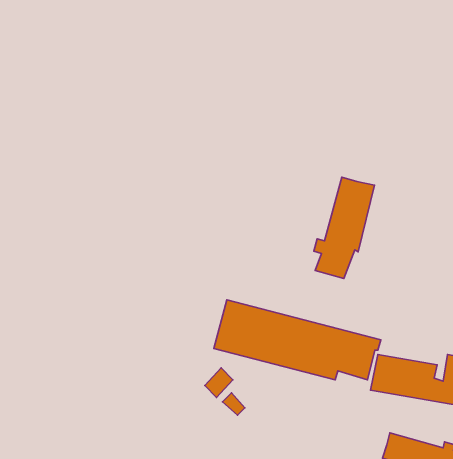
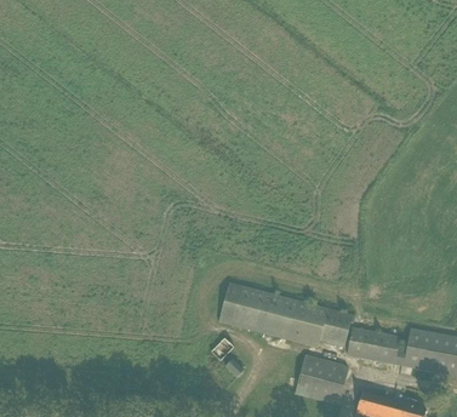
building: [314,177,375,278] -> none
building: none -> [296,355,349,405]

